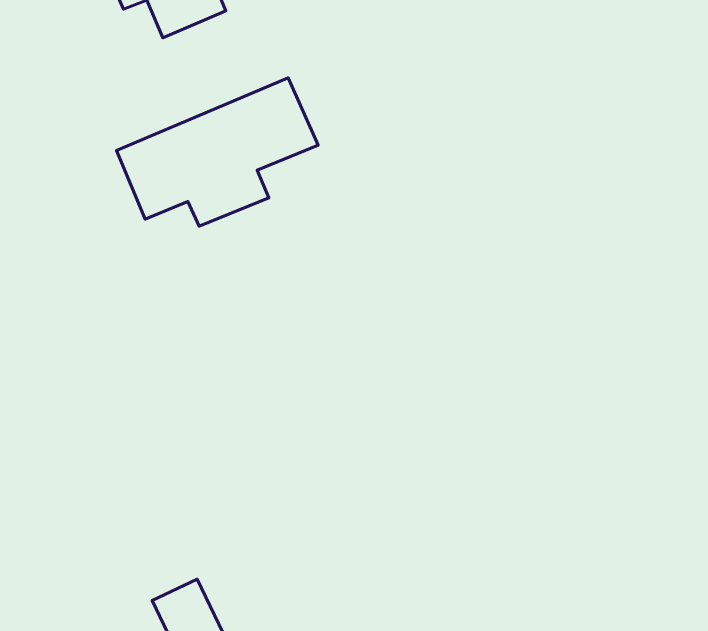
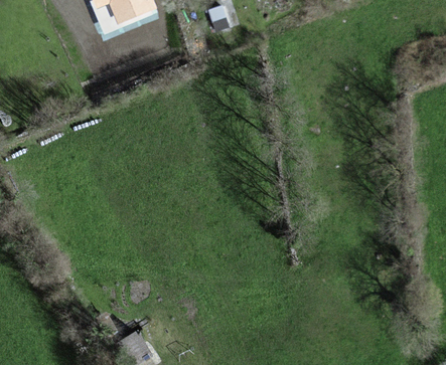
building: [116,78,318,226] -> none

